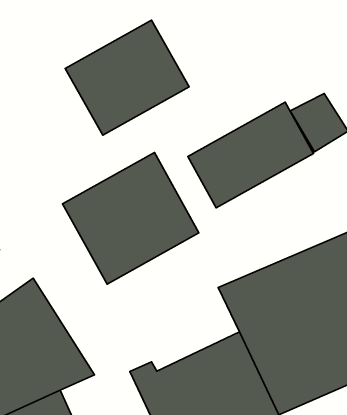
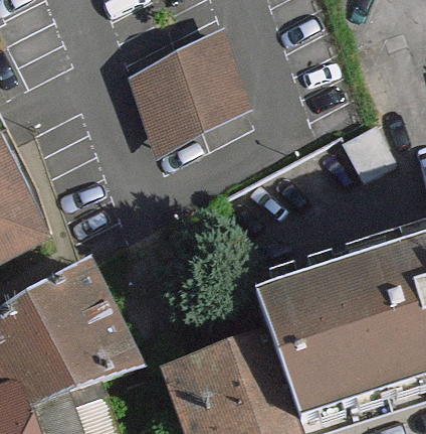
building: [188,102,314,208] -> none
building: [63,153,199,284] -> none

